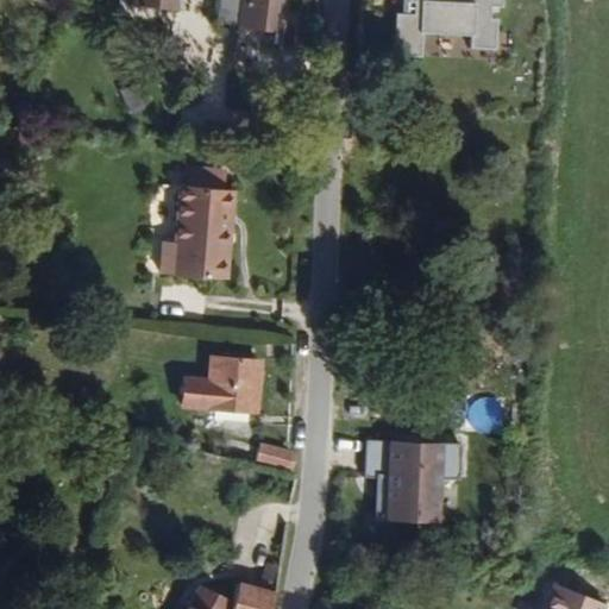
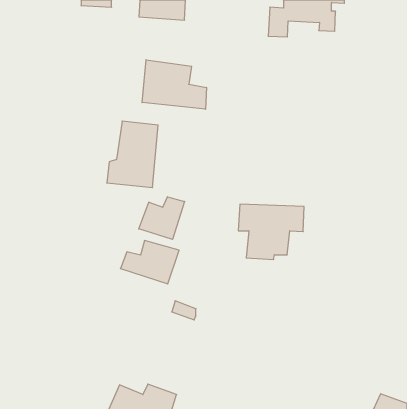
building: none -> [142,60,206,109]
building: none -> [139,197,185,239]
building: [371,437,469,519] -> [238,204,304,260]

